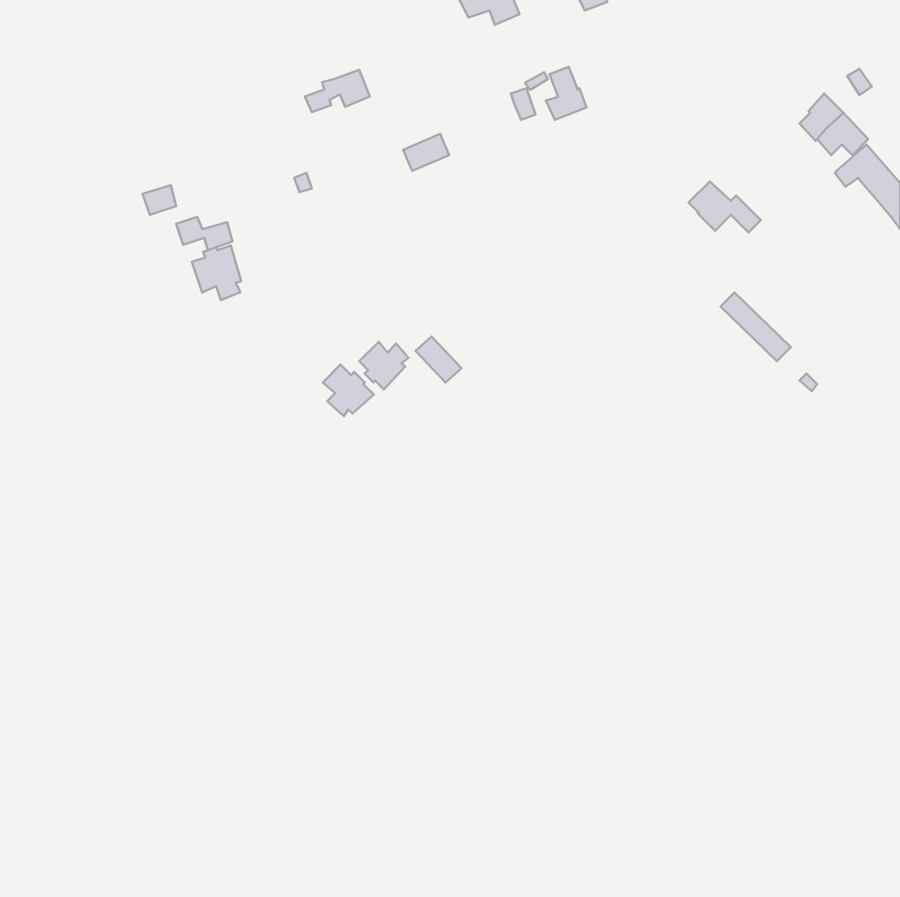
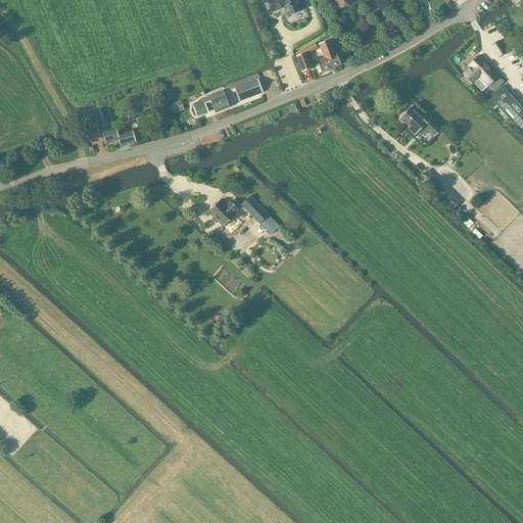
building: [305,70,370,112] -> [192,90,230,114]
building: [192,246,241,300] -> none
building: [323,365,374,416] -> none

